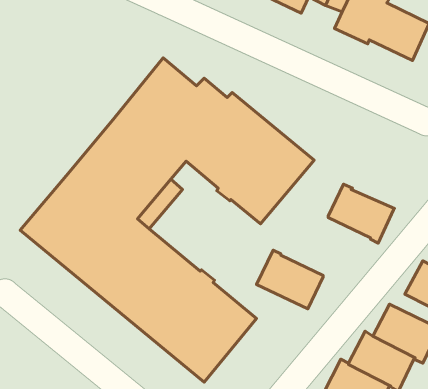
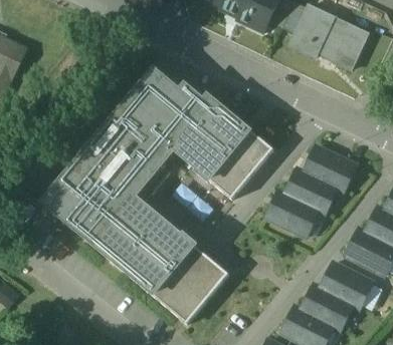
building: none -> [304,145,356,191]
building: [257,250,323,309] -> [266,190,319,236]

